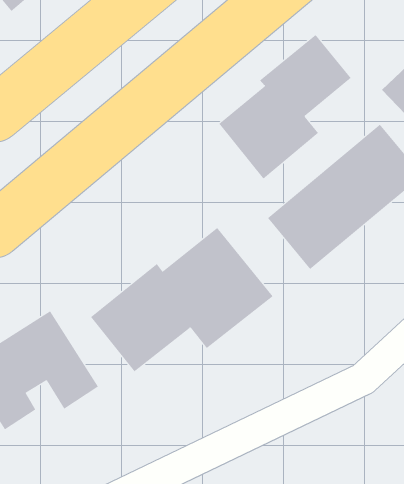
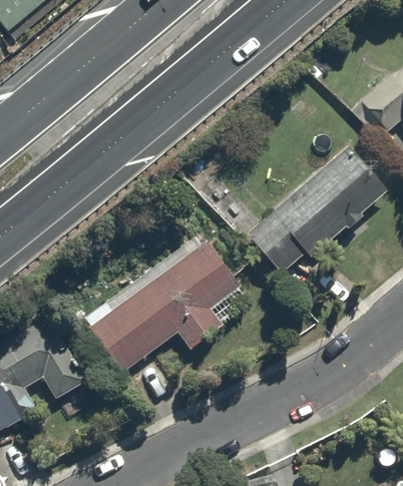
building: [218,34,351,179] -> none

